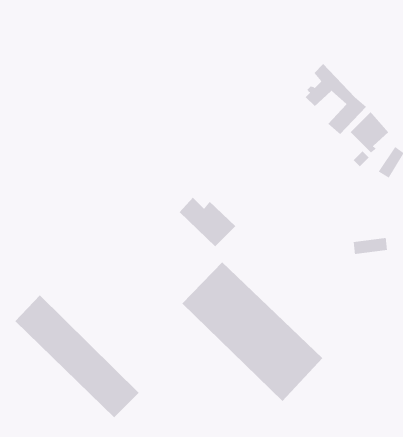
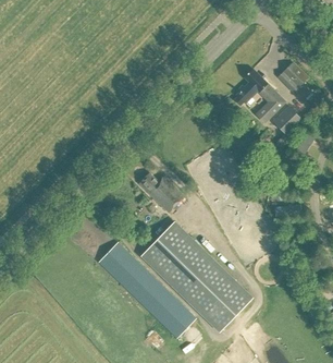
building: none -> [278,61,309,93]
building: [15,295,140,418] -> [99,241,196,337]

